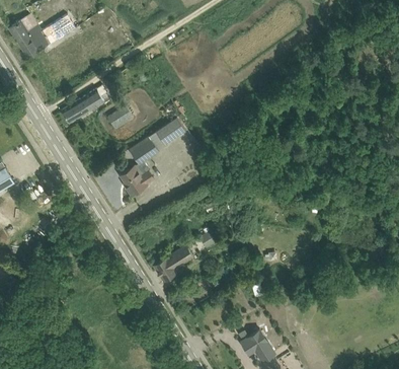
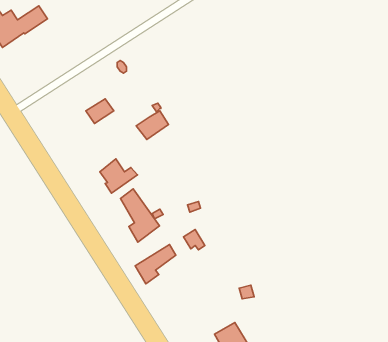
building: [61,89,104,124] -> none
building: [129,137,159,165] -> none
building: none -> [120,189,160,242]

